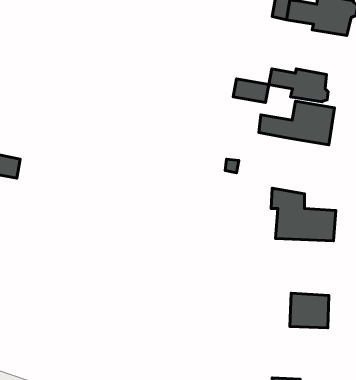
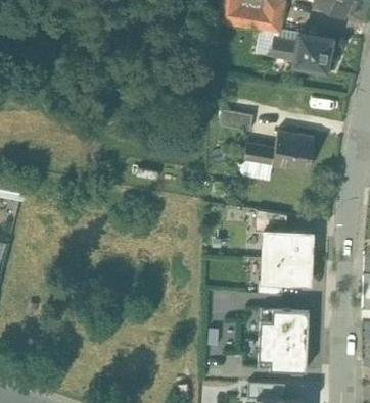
building: [269,69,328,102] -> none
building: none -> [258,257,312,294]
building: none -> [271,338,307,369]

